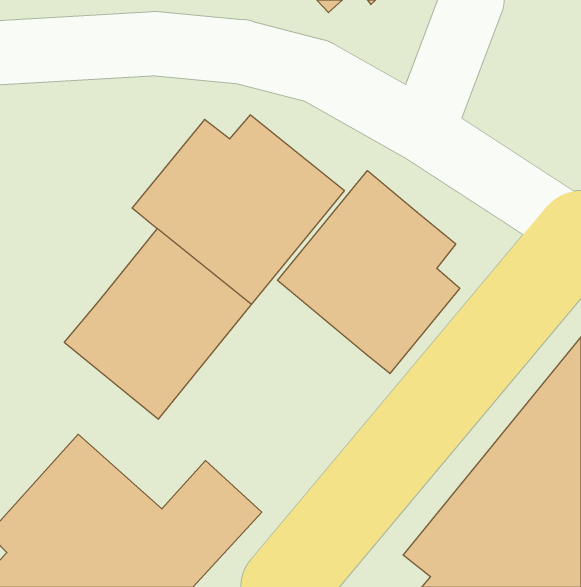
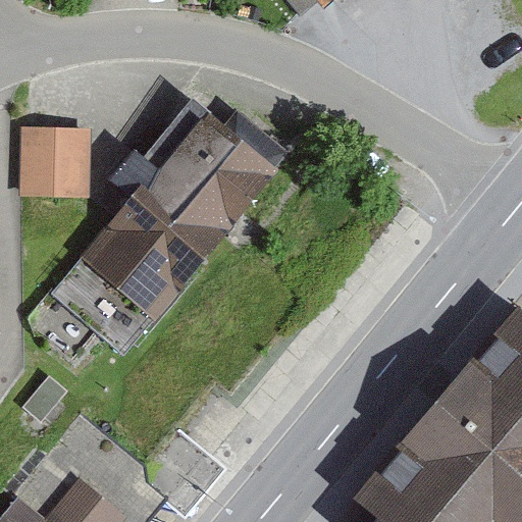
building: none -> [16,129,94,190]
building: [278,171,460,374] -> none

